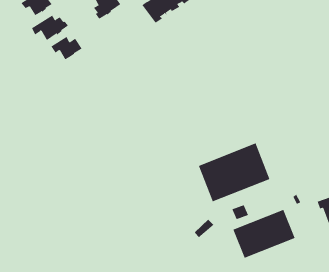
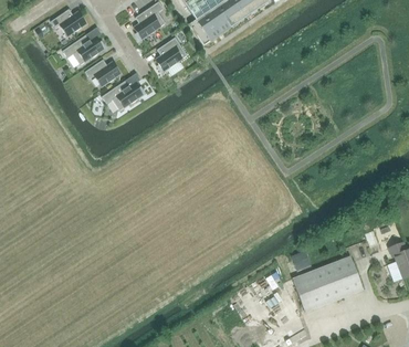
building: none -> [155,36,187,72]
building: none -> [101,80,145,111]
building: [198,143,270,202] -> none

